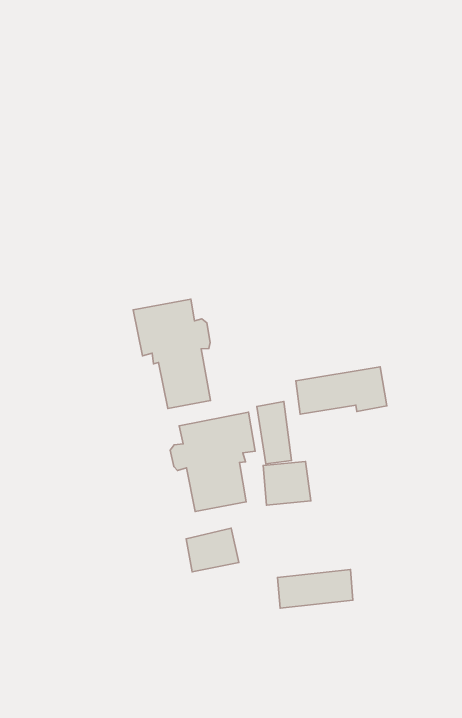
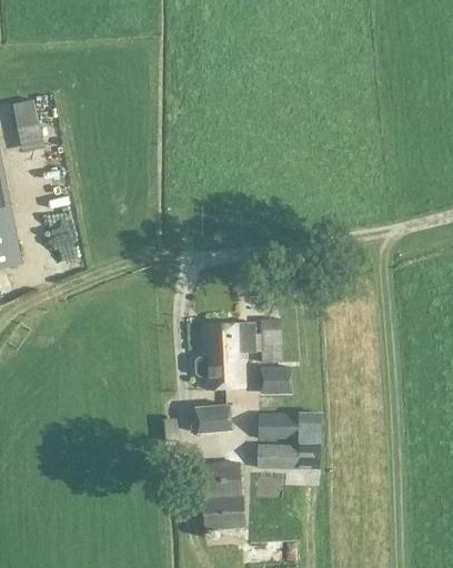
building: [133,299,211,409] -> none
building: [296,367,387,414] -> [258,412,321,442]
building: none -> [200,452,243,528]

